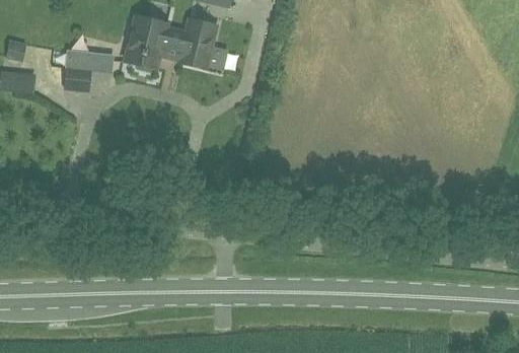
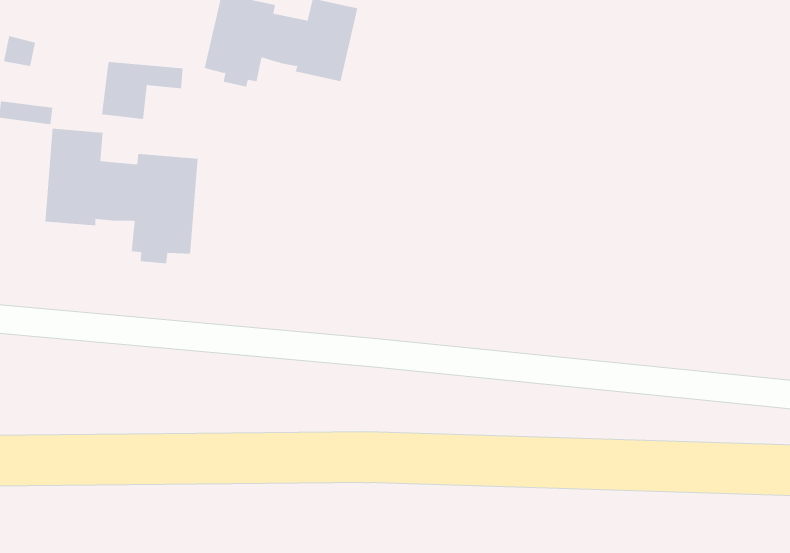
building: none -> [45,128,198,264]

